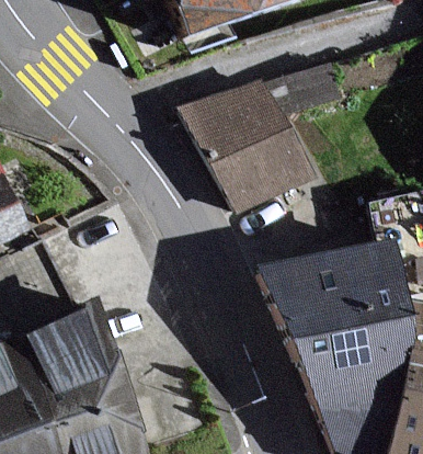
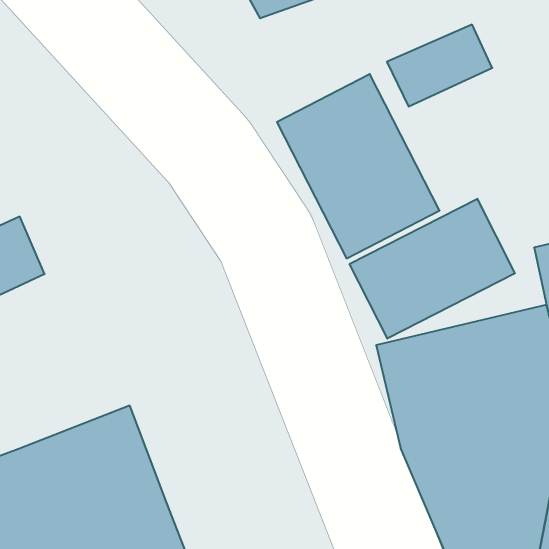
building: none -> [350,199,515,339]

